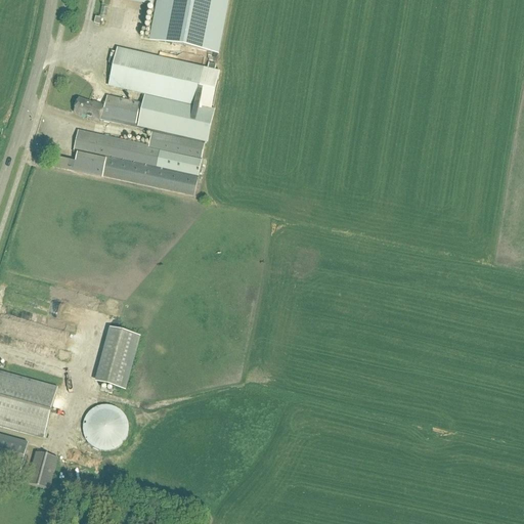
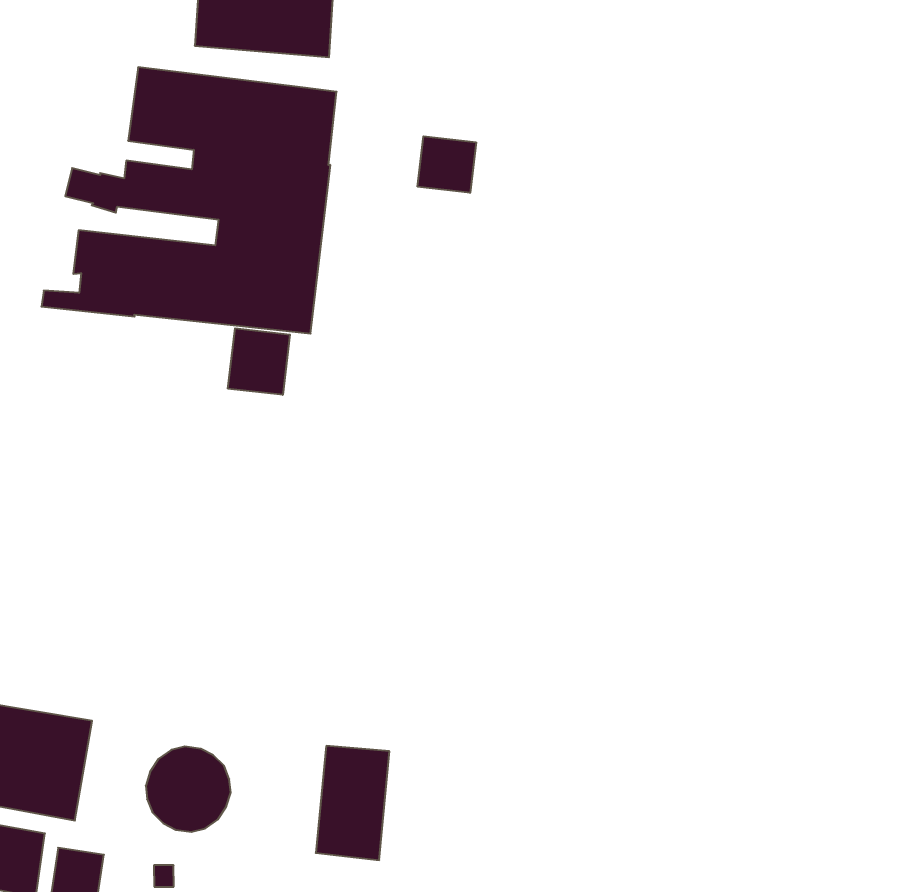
building: none -> [418,136,476,193]
building: none -> [228,328,290,395]
building: [91,329,135,391] -> [316,746,389,860]

